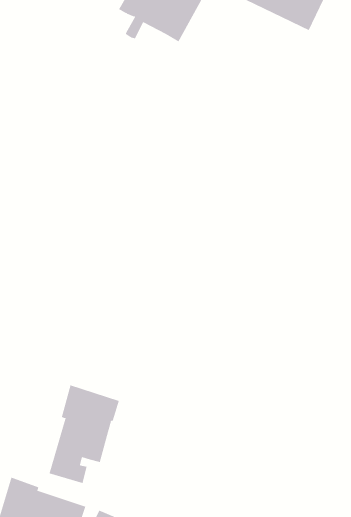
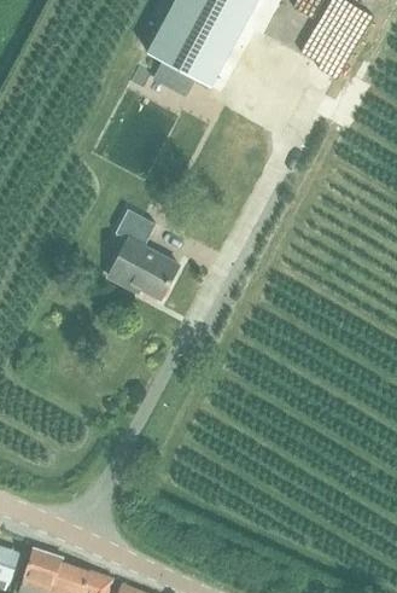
building: none -> [106,209,177,298]
building: [49,384,120,484] -> none

